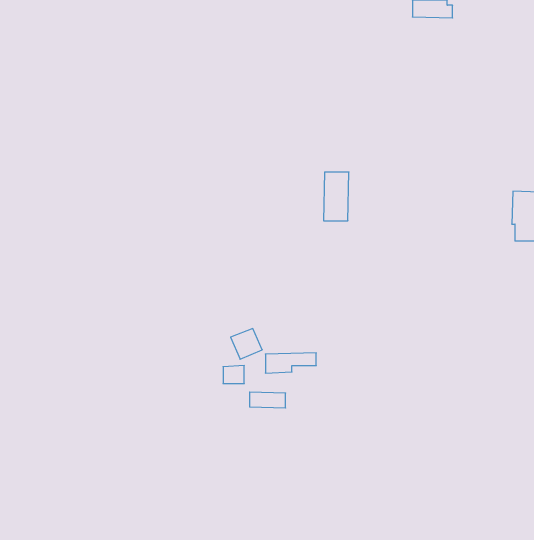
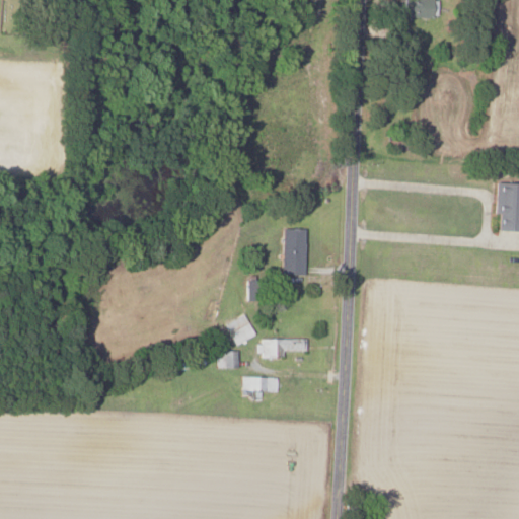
building: [324,172,349,221] -> [284,228,308,275]

